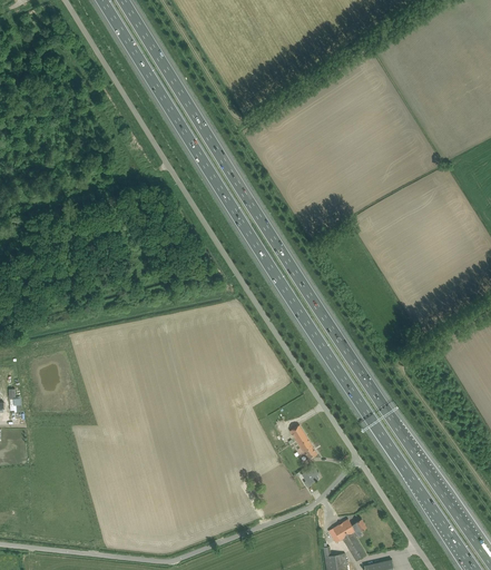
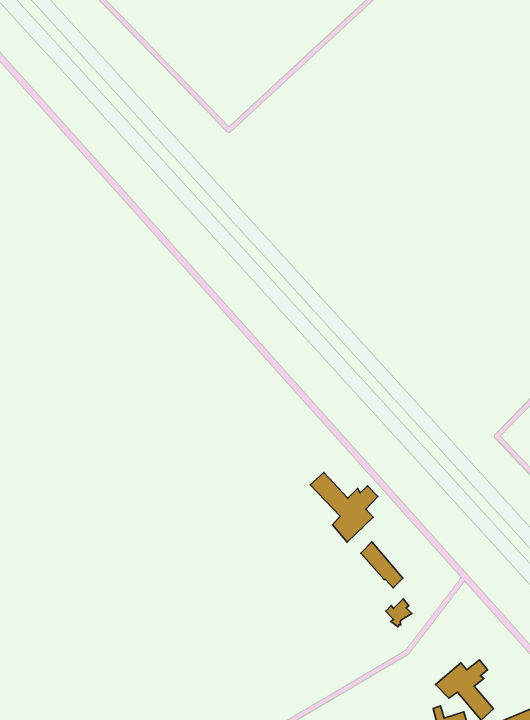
building: none -> [310,472,378,542]

